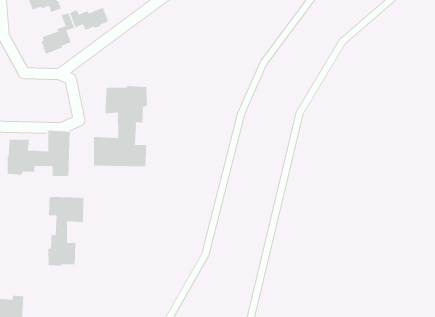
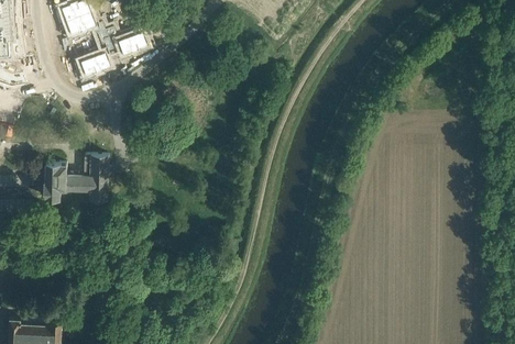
building: [93,85,147,167] -> none
building: [48,196,84,266] -> none

